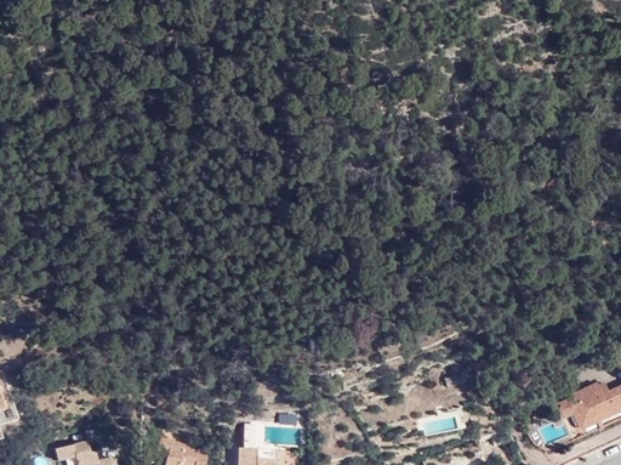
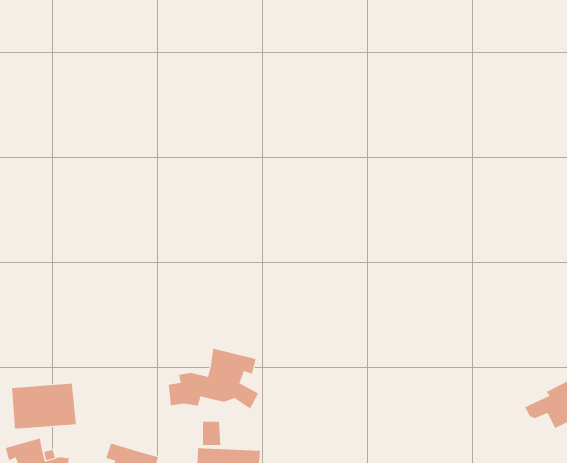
building: none -> [168,348,259,409]
building: none -> [11,383,76,430]

